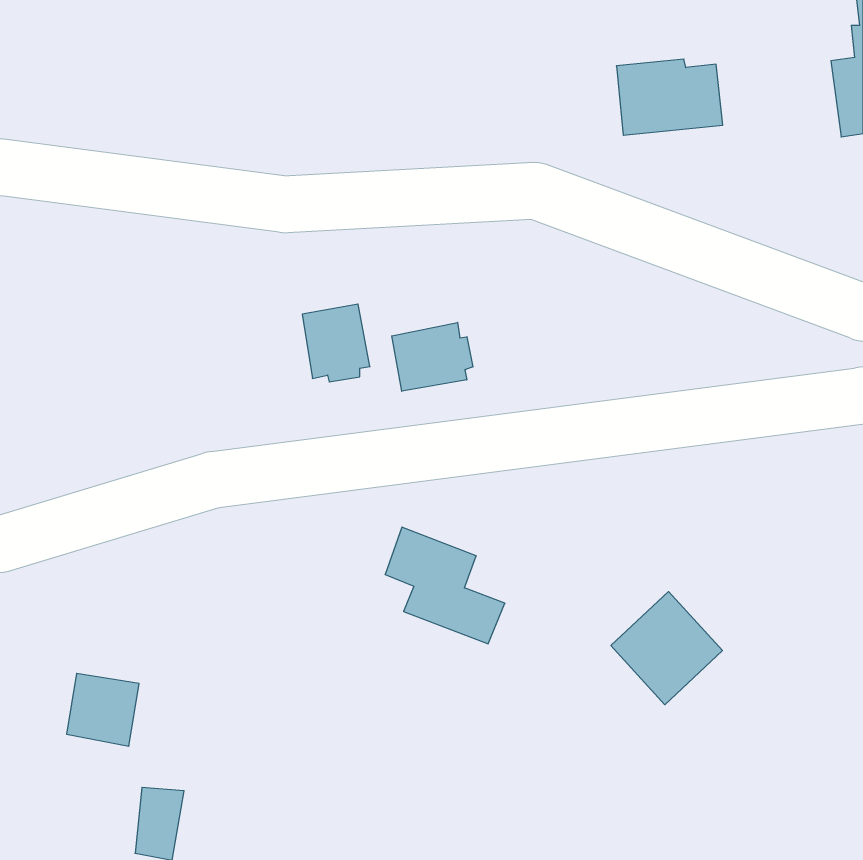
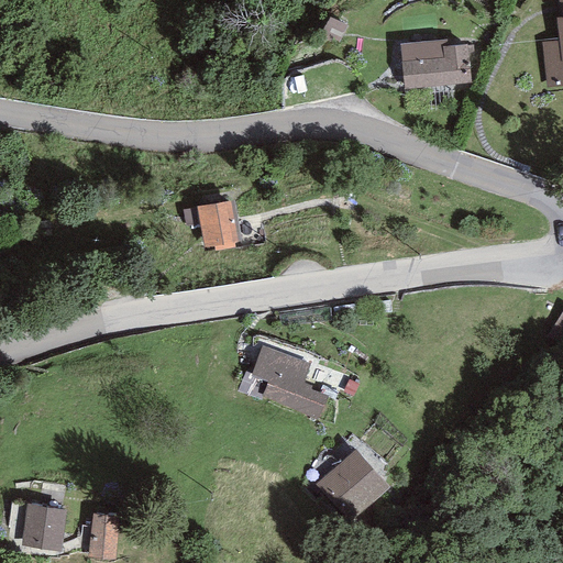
building: [392,322,473,391] -> none
building: [611,592,722,705] -> [317,446,389,520]
building: [67,673,139,746] -> [21,503,68,550]

